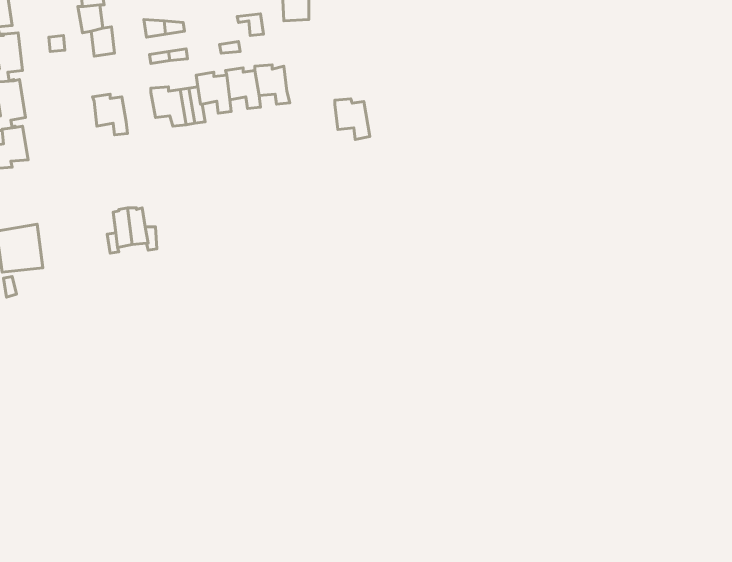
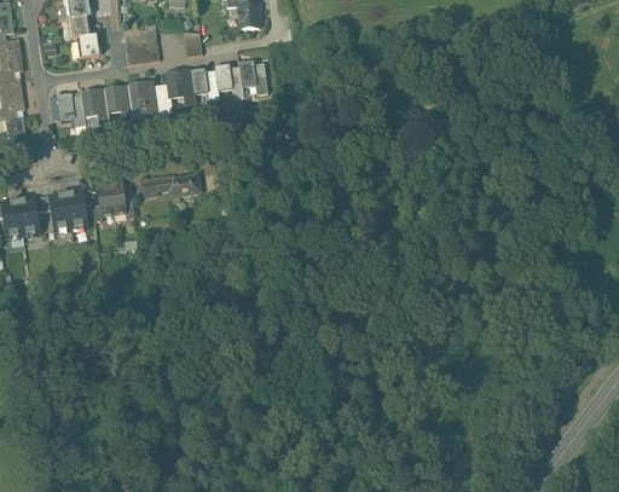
building: none -> [104,85,133,118]
building: none -> [56,92,85,126]
building: [335,99,370,140] -> [238,60,267,94]
building: none -> [141,173,199,196]
building: none -> [48,190,87,230]

